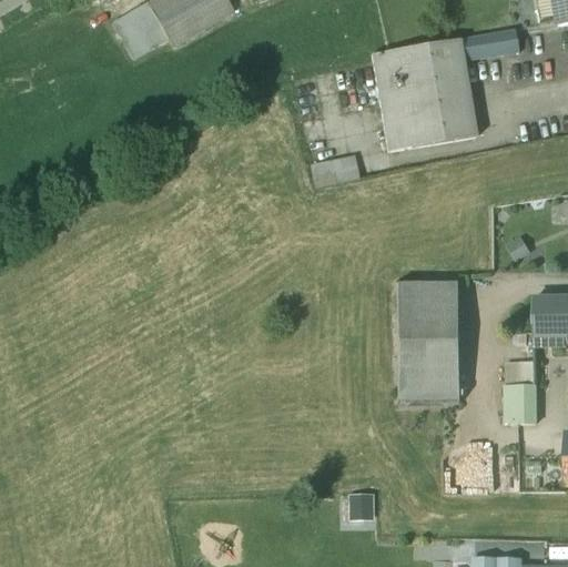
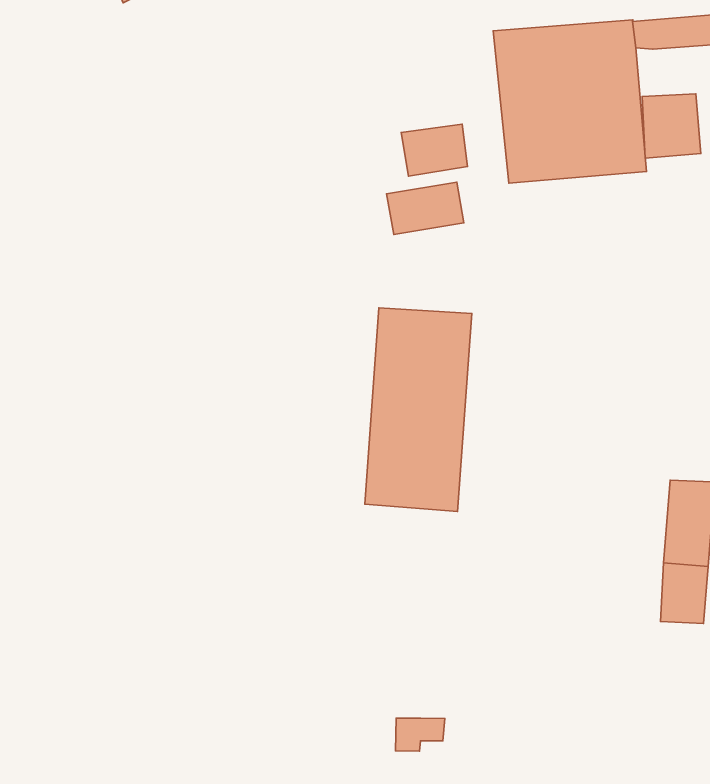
building: none -> [642,94,701,158]
building: none -> [401,124,467,176]
building: [398,276,459,404] -> [365,308,472,512]

